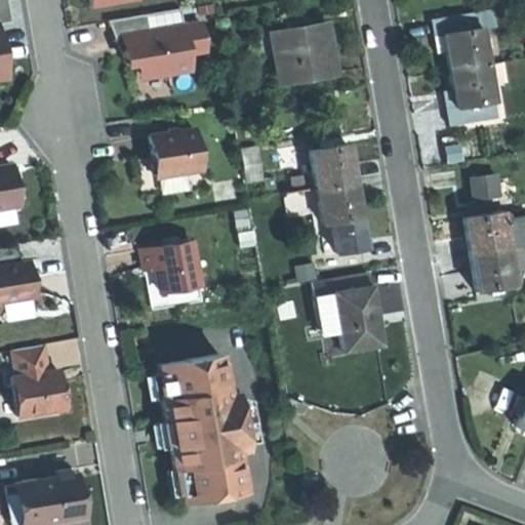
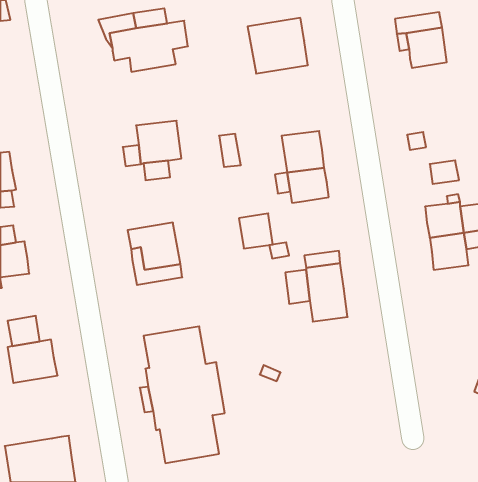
building: [452,68,495,112] -> none
building: [330,214,367,252] -> [239,213,273,248]

